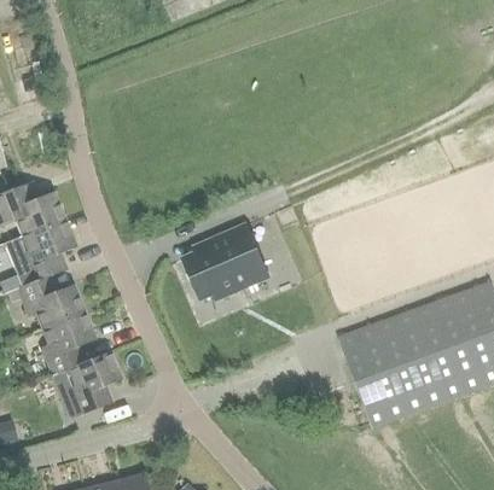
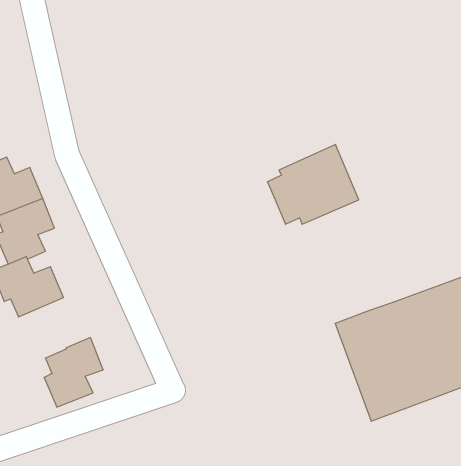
building: [182,223,268,298] -> [267,144,359,224]
building: [40,313,95,375] -> none

